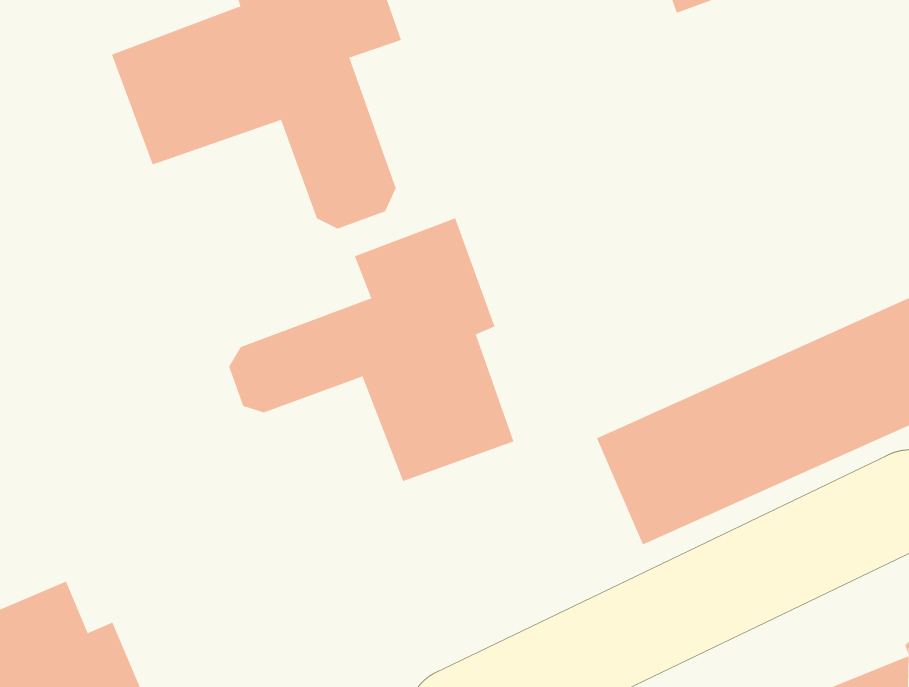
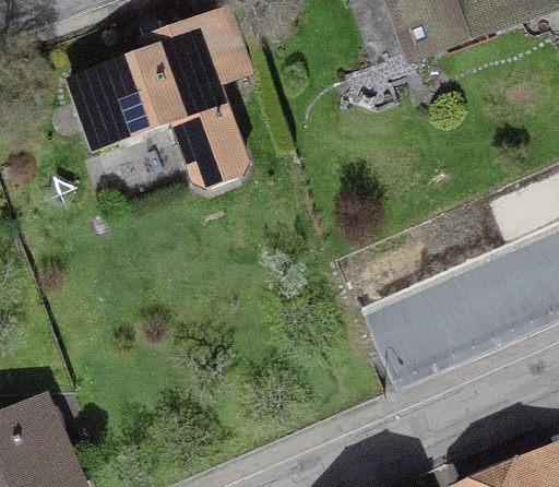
building: [229,218,514,482] -> none

